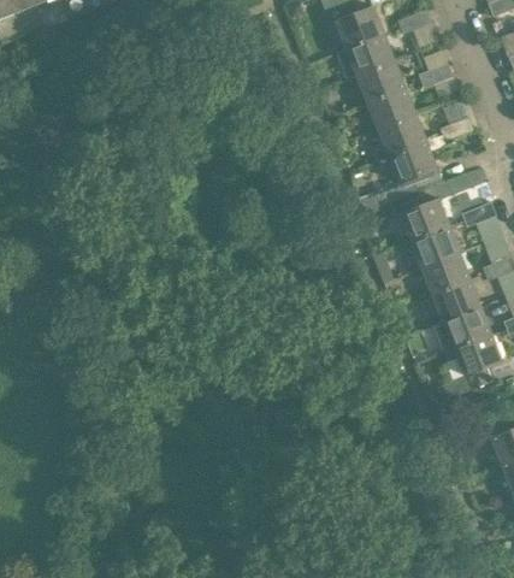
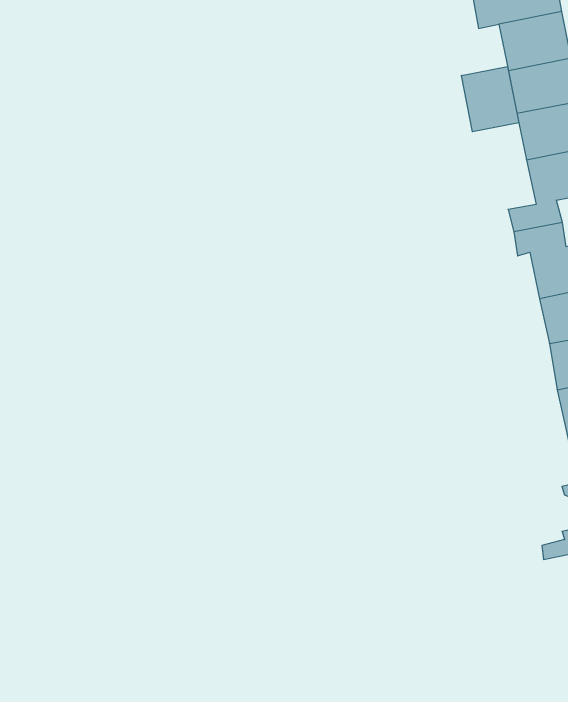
building: none -> [461,66,519,132]

